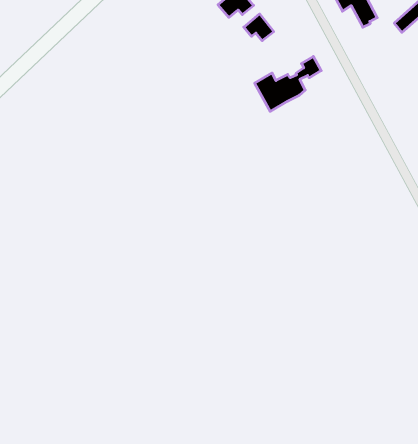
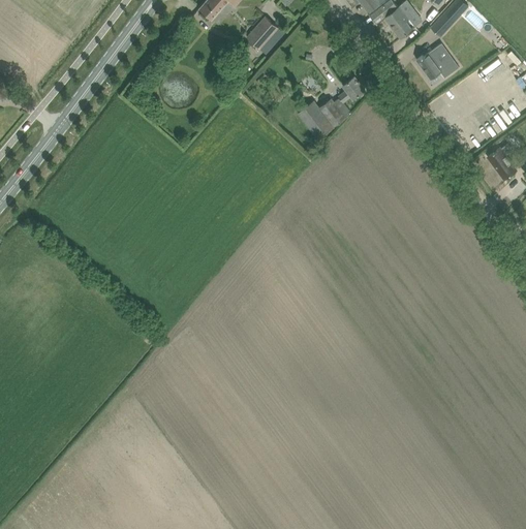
building: [244,14,274,41] -> none
building: none -> [415,43,453,77]

